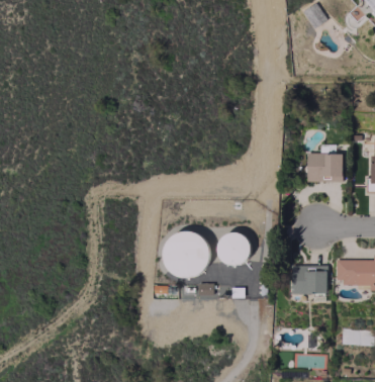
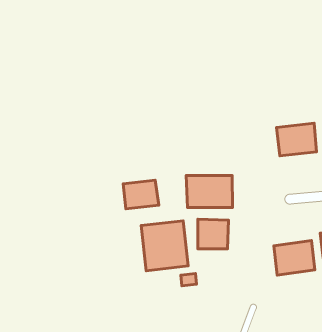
building: none -> [186,175,232,208]
building: none -> [123,180,159,209]

